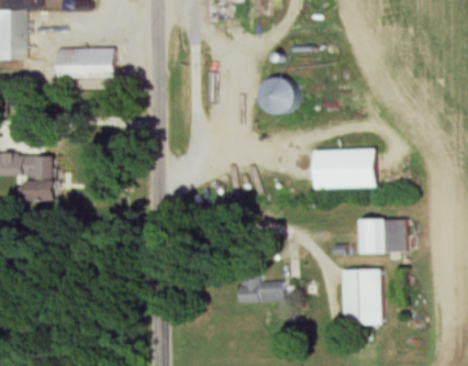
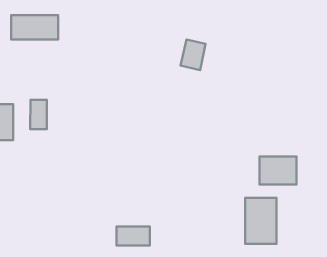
building: [314,149,376,188] -> none
building: none -> [30,100,47,129]
building: [238,279,279,302] -> [117,227,150,246]

